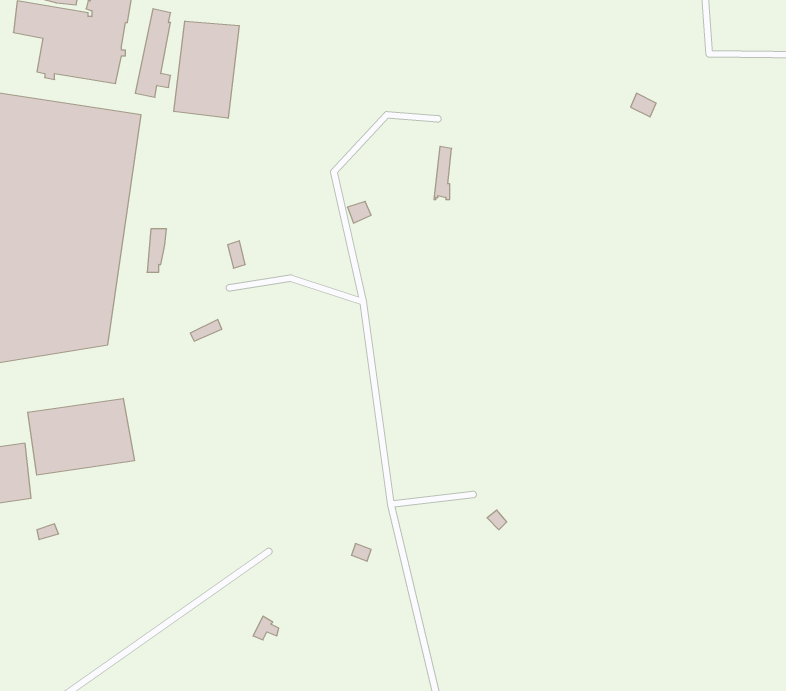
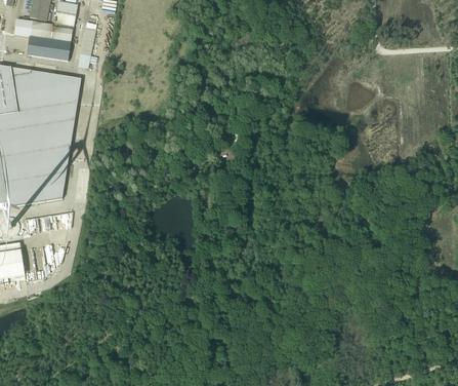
building: [174,21,239,118] -> none
building: [28,398,134,475] -> none

